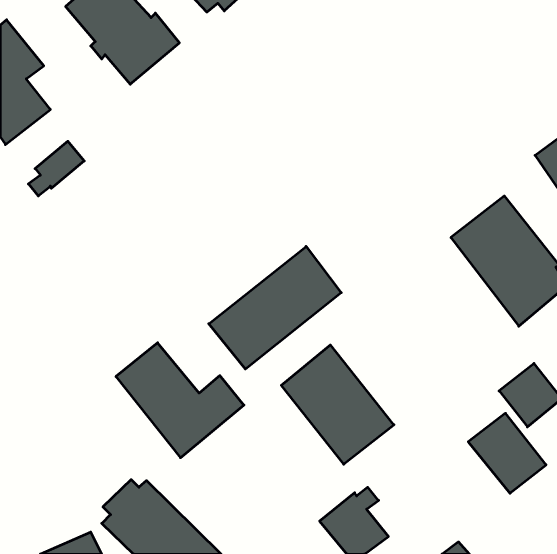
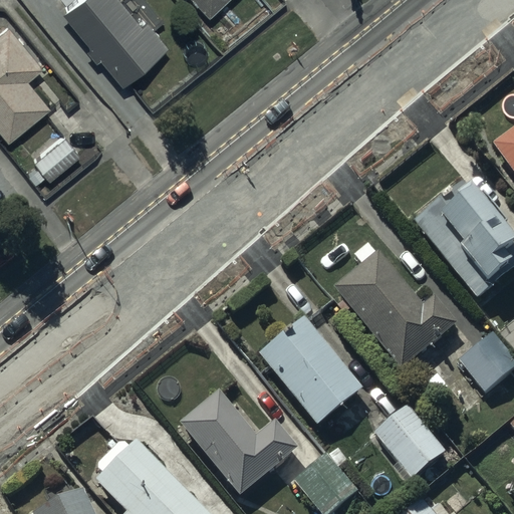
building: [209,246,341,369] -> none
building: none -> [334,243,457,368]
building: [116,343,244,458] -> [181,391,298,496]
building: [468,413,546,493] -> [374,405,446,478]

